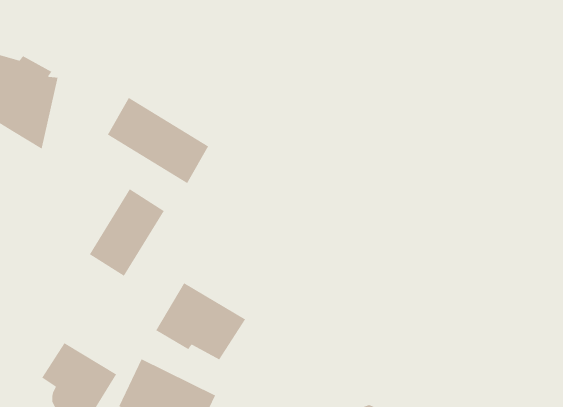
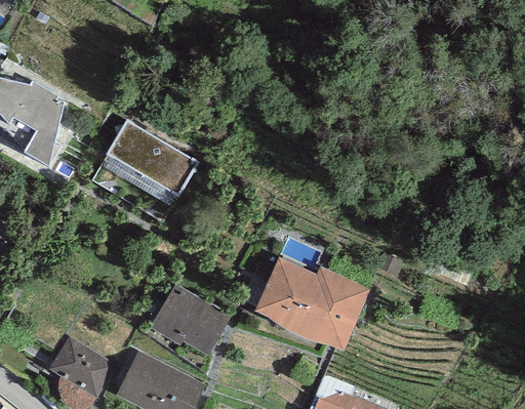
building: [89,188,165,277] -> none
building: none -> [254,258,368,350]

